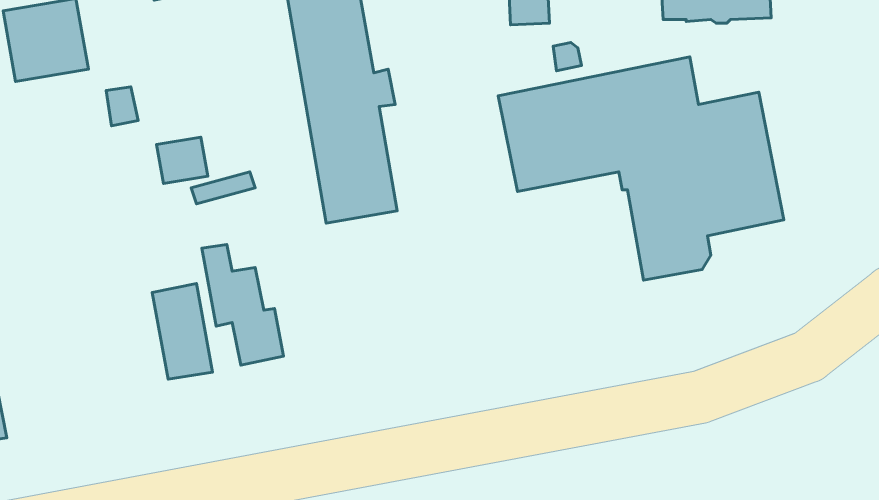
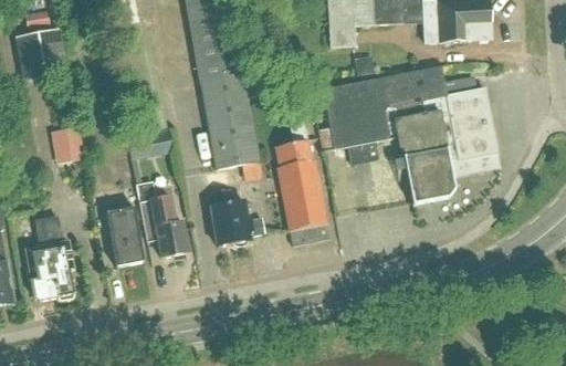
building: none -> [275,111,328,244]
building: [157,137,208,183] -> [51,125,83,154]
building: none -> [210,188,264,245]
building: none -> [25,215,74,299]

